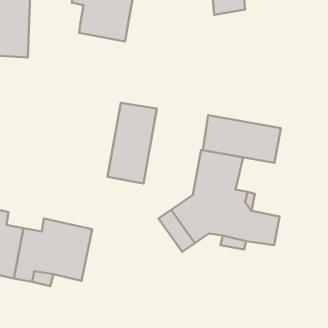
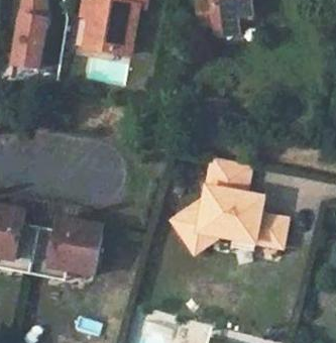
building: [107,103,157,183] -> none
building: [203,115,281,163] -> none

